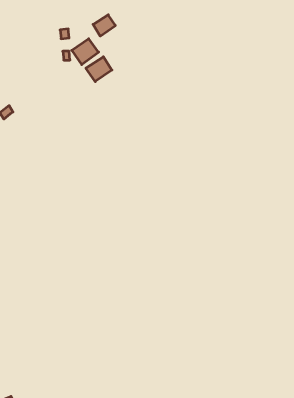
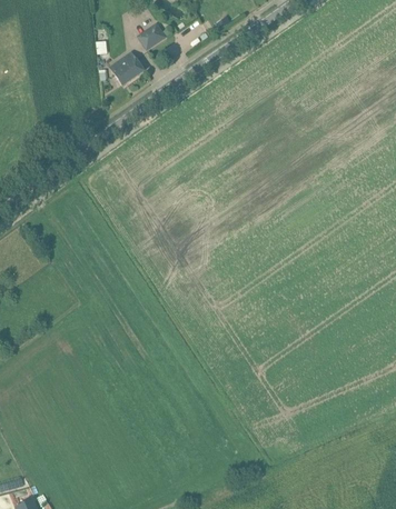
building: [86,57,112,82] -> none

